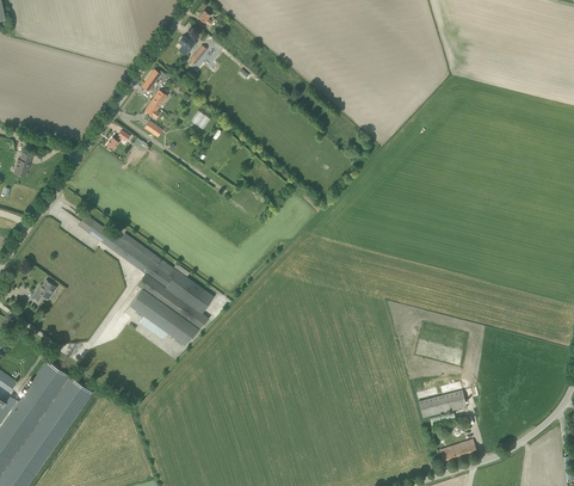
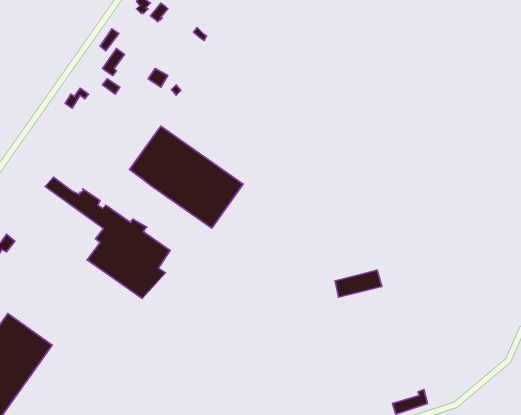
building: none -> [129,126,243,228]
building: [418,390,465,418] -> [335,270,382,297]

